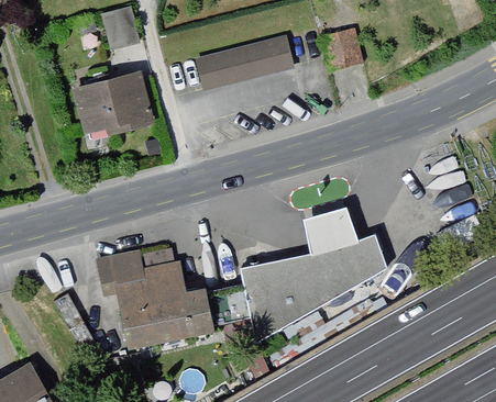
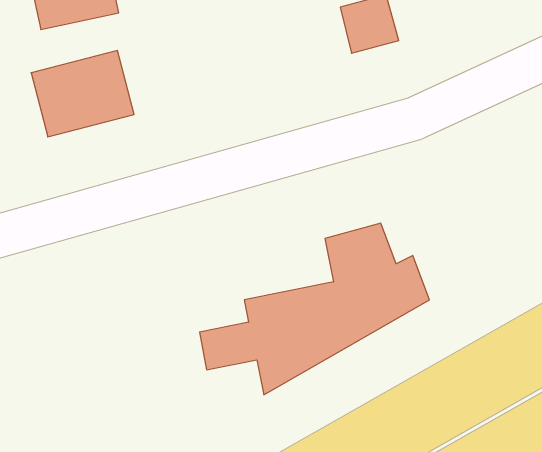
building: [196,35,294,89] -> none
building: [96,247,213,348] -> none

